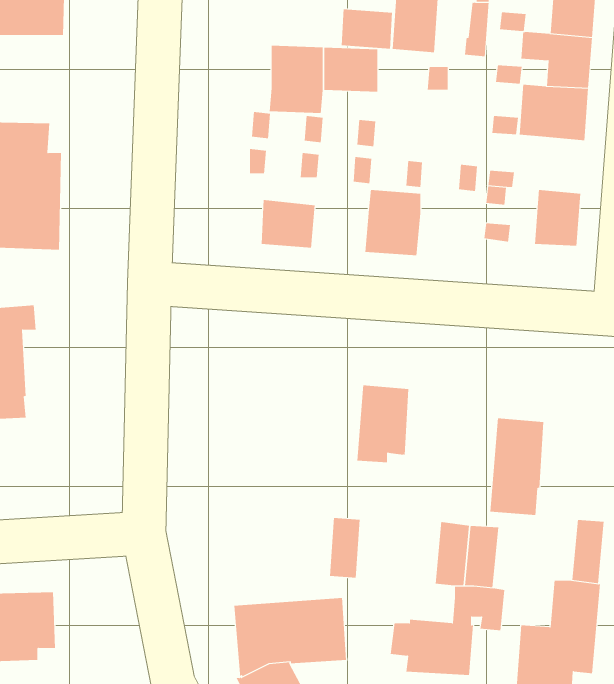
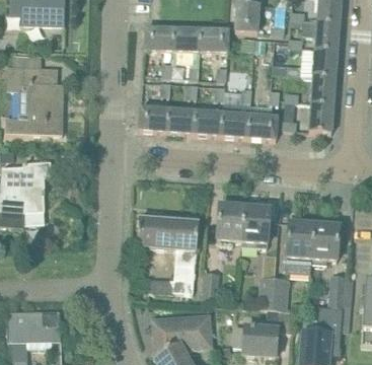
building: [341,9,392,49] -> none
building: none -> [145,27,172,50]
building: none -> [311,75,336,104]
building: none -> [139,105,168,131]
building: none -> [194,111,223,135]
building: none -> [248,115,278,139]
building: none -> [241,206,270,247]
building: none -> [137,218,198,293]
building: none -> [310,223,340,272]

